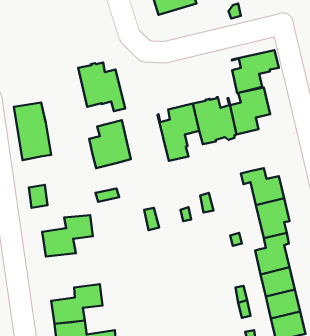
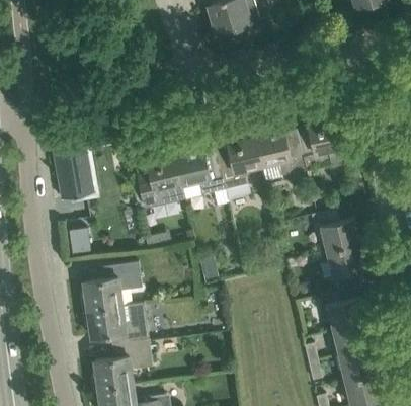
building: [232,50,279,93] -> none
building: [78,62,125,111] -> [174,149,228,205]
building: none -> [87,302,149,346]

